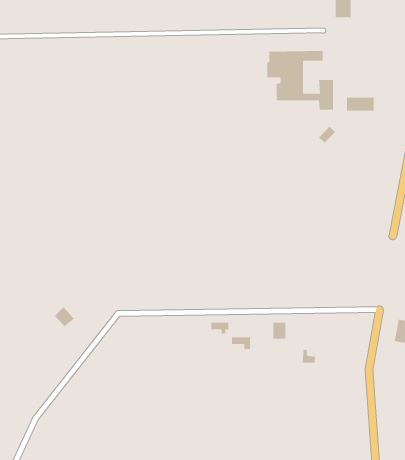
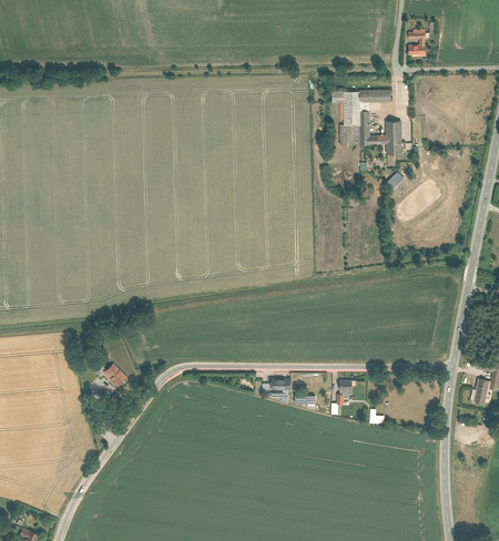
building: [346,97,375,112] -> none

